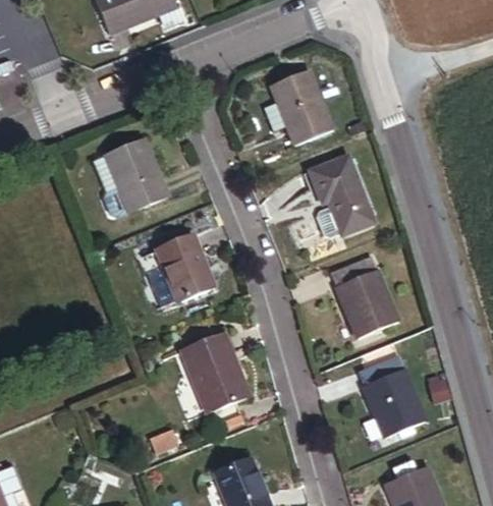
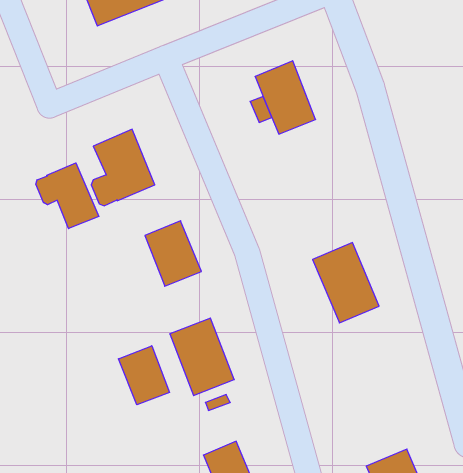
building: [309,155,375,236] -> none
building: none -> [36,163,99,229]
building: [357,356,426,439] -> none
building: none -> [118,346,170,405]

